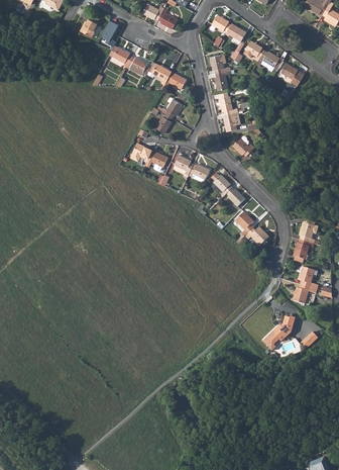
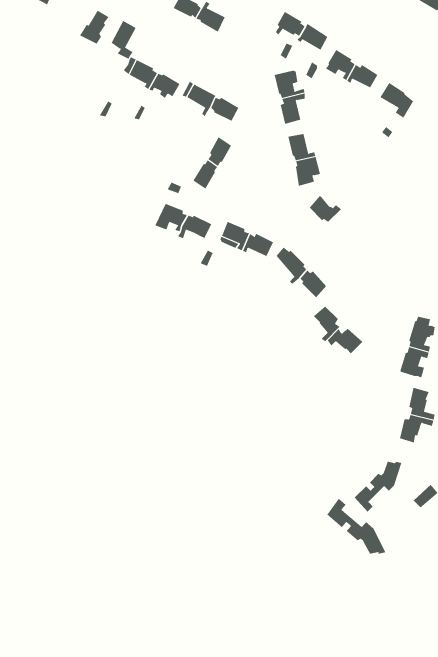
building: none -> [326,498,386,555]

